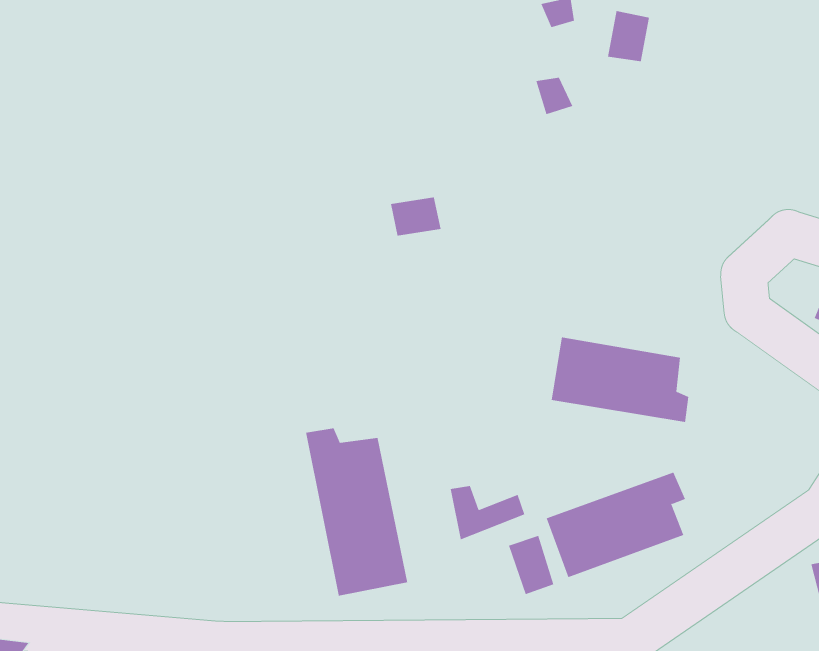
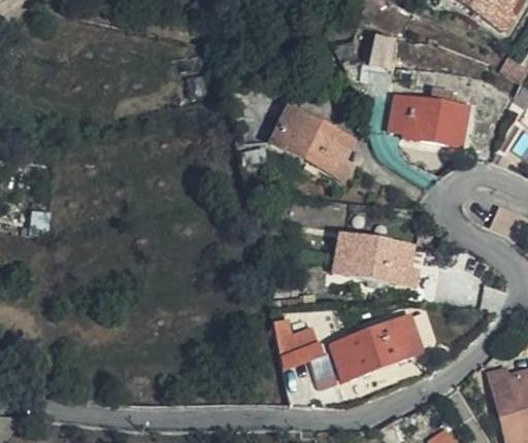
building: none -> [391,91,467,145]
building: none -> [271,111,353,178]
building: [306,428,408,596] -> none

